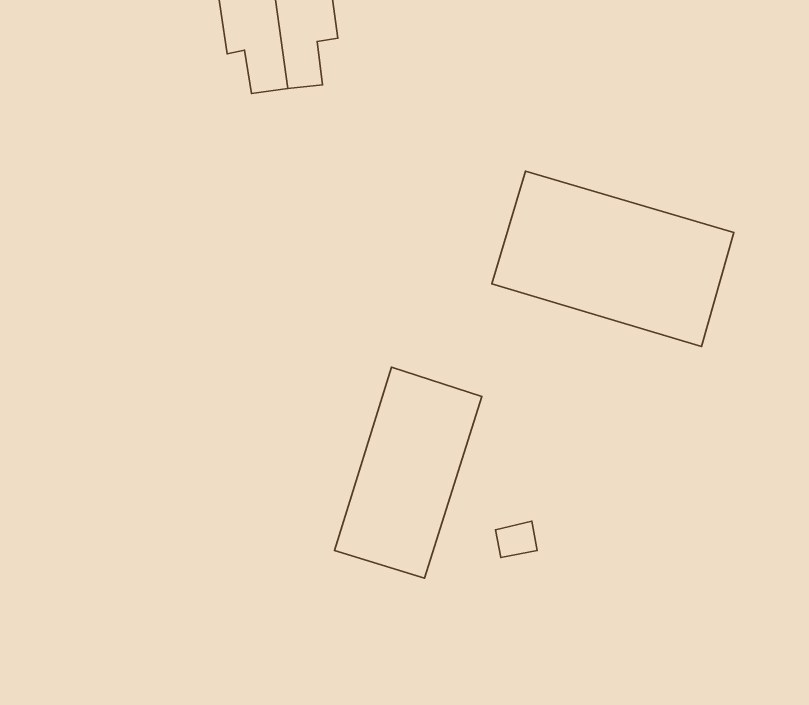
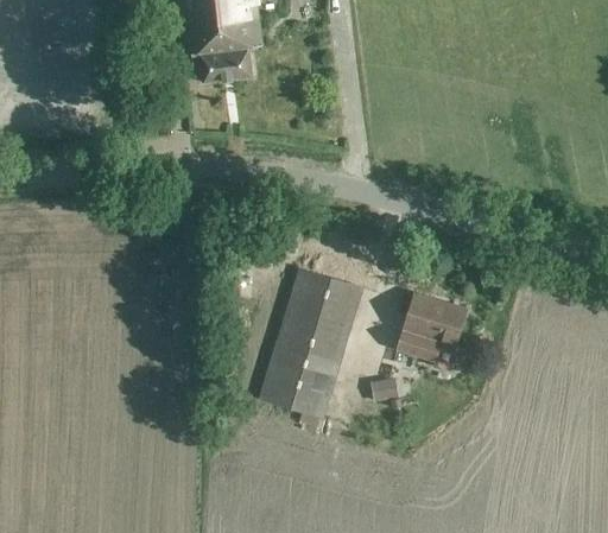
building: [492,171,734,346] -> none
building: none -> [400,292,468,367]

